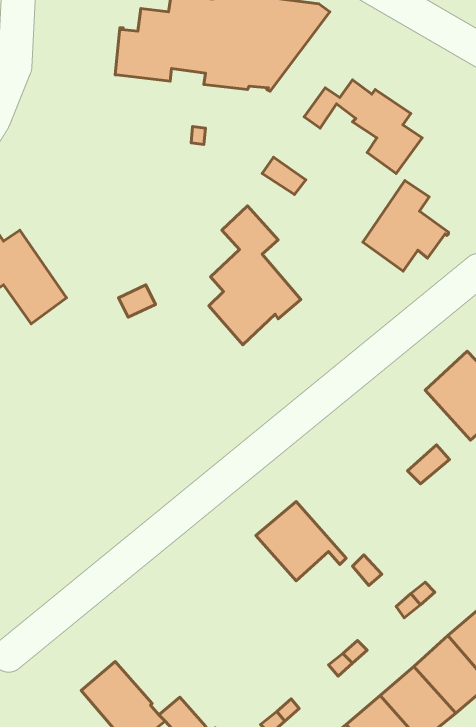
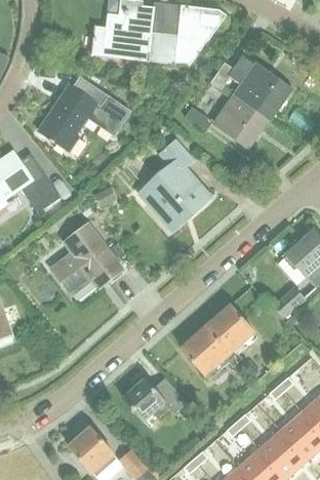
building: none -> [38,76,129,150]
building: [363,181,448,271] -> [214,84,269,142]
building: none -> [51,226,120,293]
building: none -> [205,304,254,361]
building: none -> [123,378,185,419]

